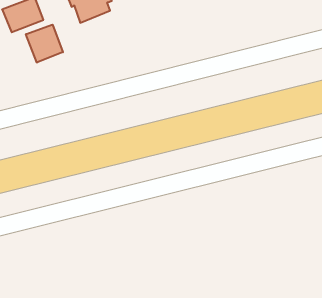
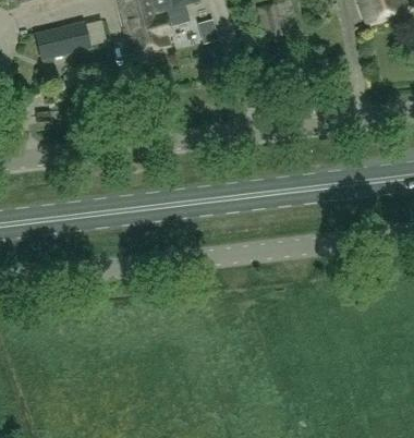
building: [26,25,63,63] -> none

